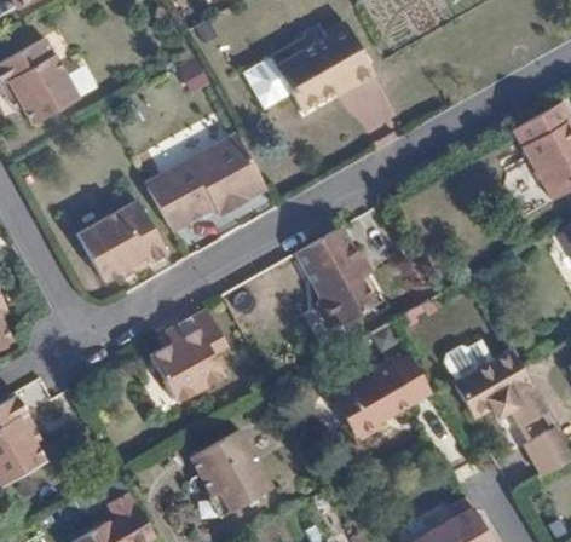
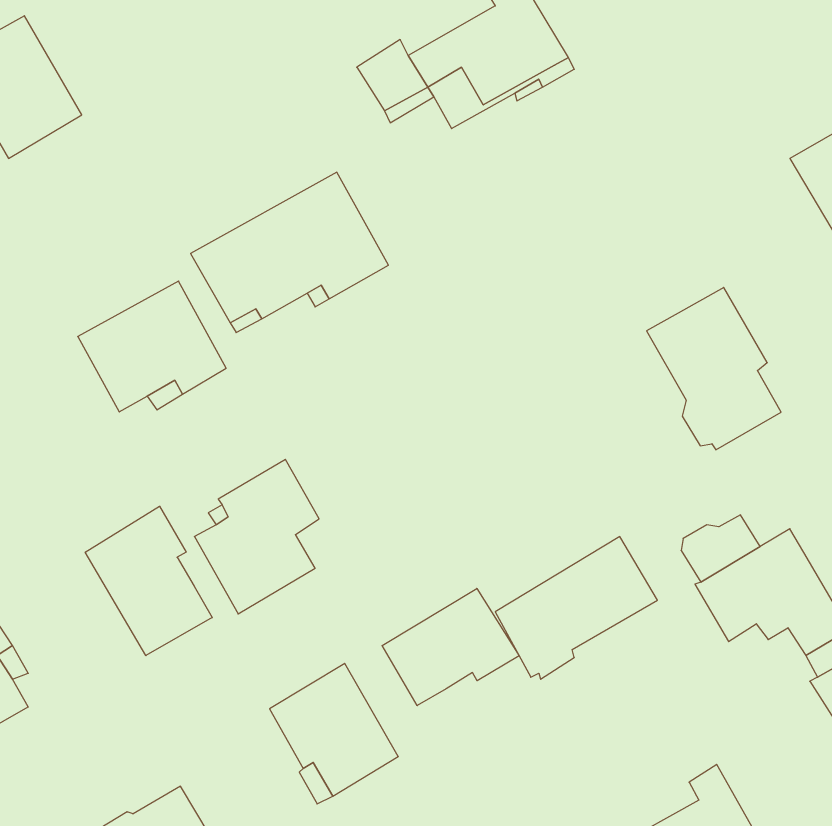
building: [293,224,375,323] -> [647,287,781,450]
building: none -> [85,506,212,656]
building: none -> [382,588,519,706]

